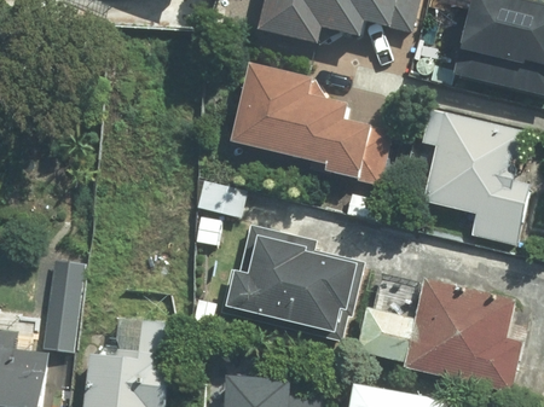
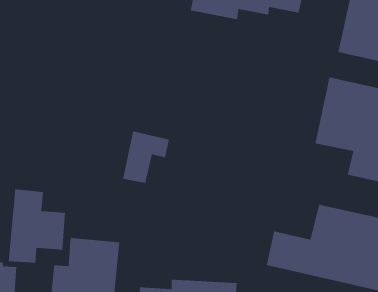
building: [235,59,387,176] -> none
building: [218,228,361,339] -> none

